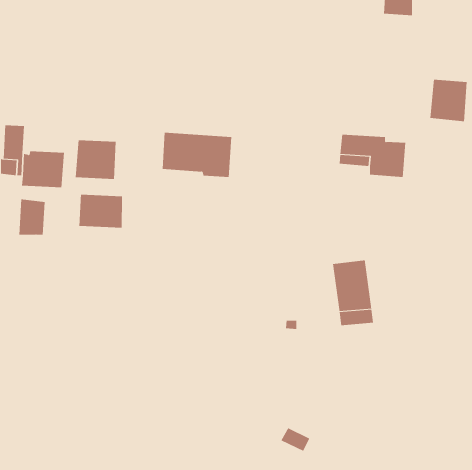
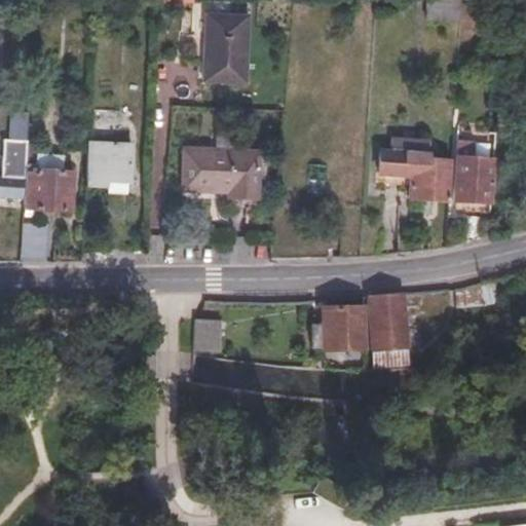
building: none -> [202,14,249,81]
building: [430,79,468,122] -> [454,154,496,201]
building: [79,194,123,229] -> none
building: none -> [325,302,370,348]
building: none -> [193,314,221,348]

